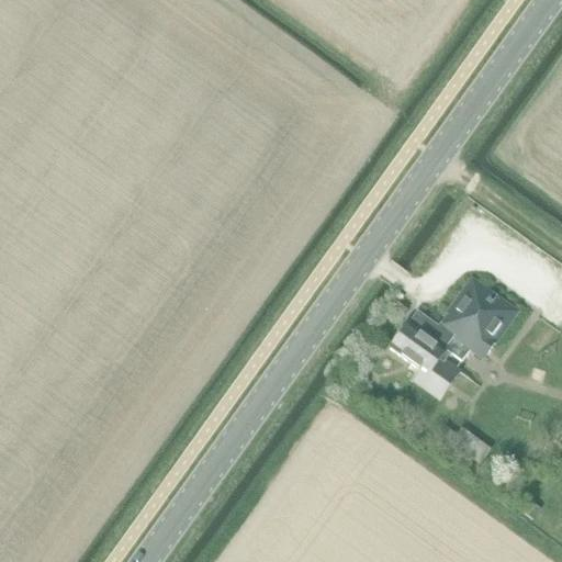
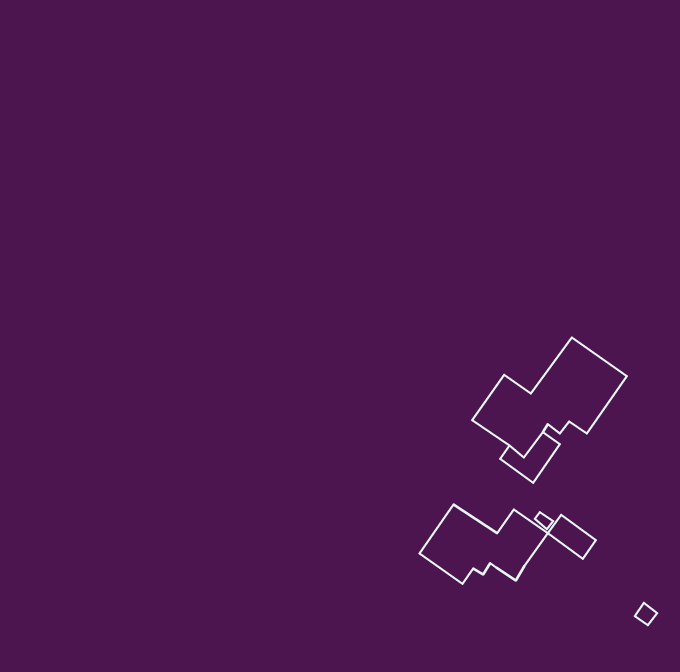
building: none -> [420,505,548,584]

